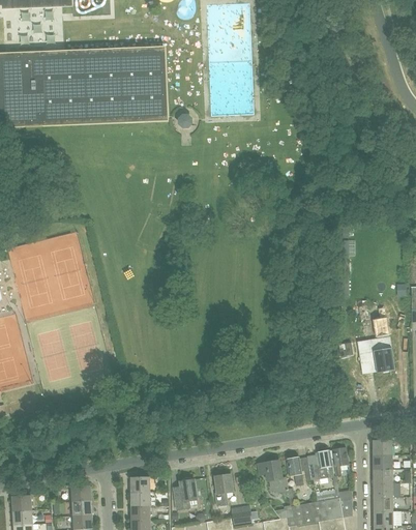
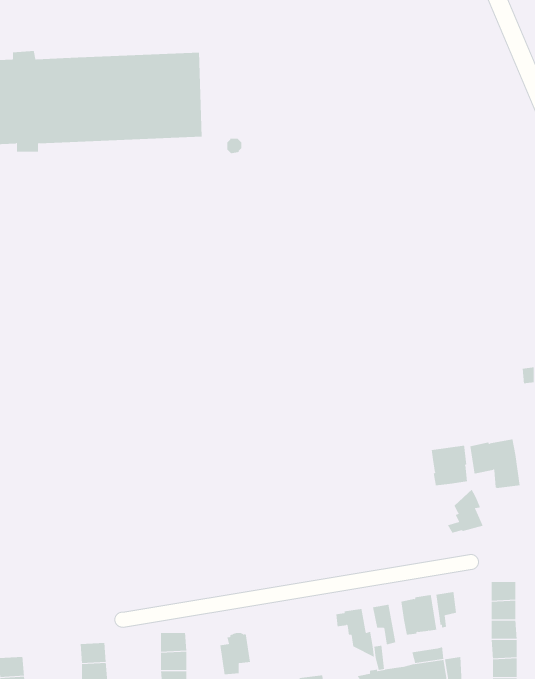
building: none -> [431,445,467,486]
building: none -> [447,489,483,534]
building: [215,474,233,506] -> none

